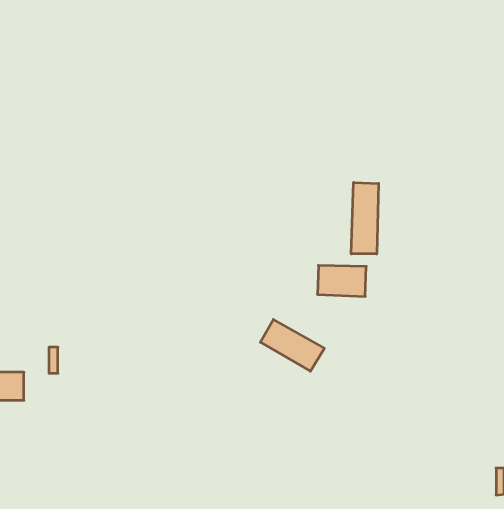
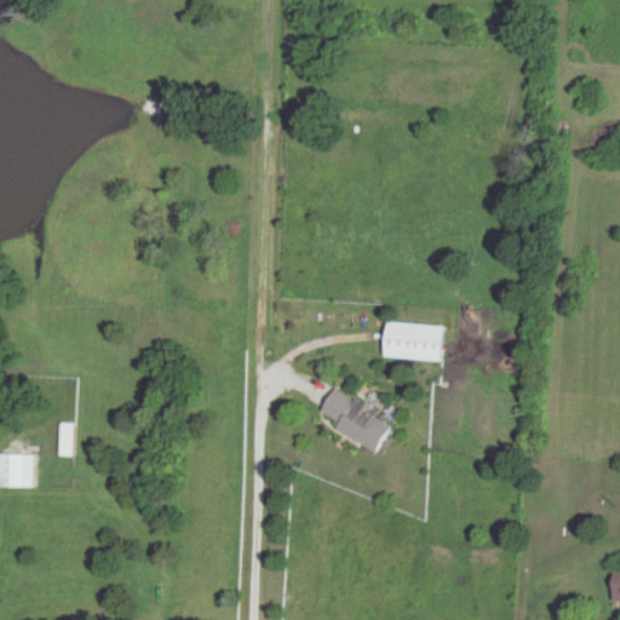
building: [351,182,379,254] -> none

